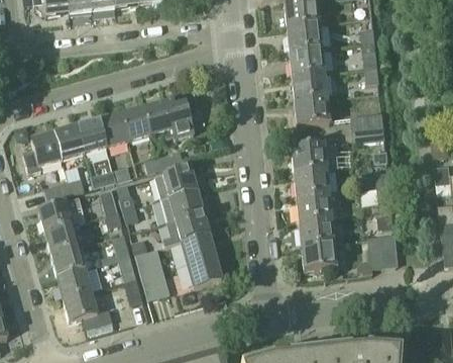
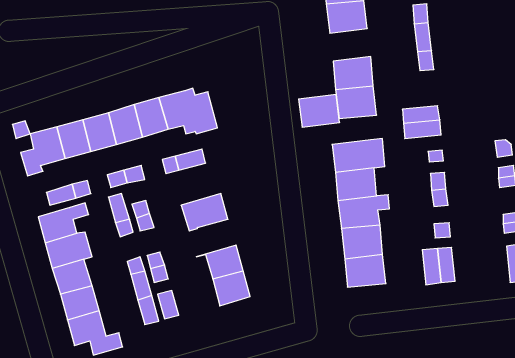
building: [290,46,325,74] -> [299,94,340,127]
building: [155,166,196,198] -> none
building: [173,210,211,243] -> none

